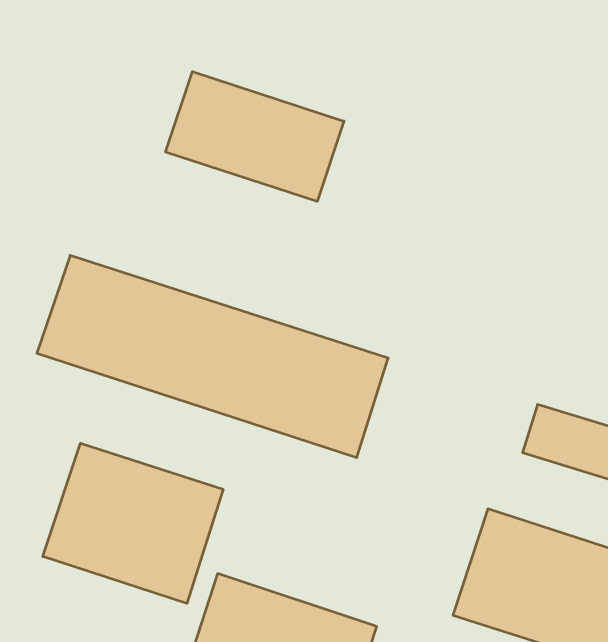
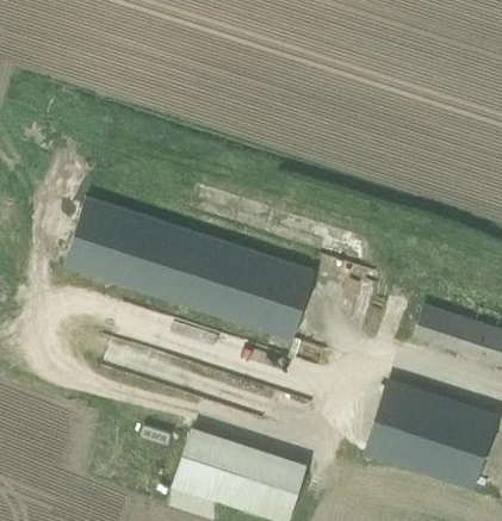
building: [166,72,344,201] -> none
building: [43,443,223,603] -> none

